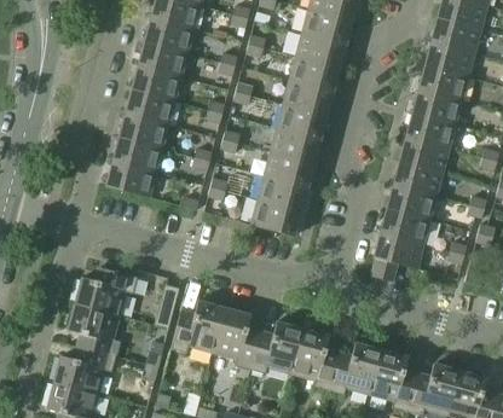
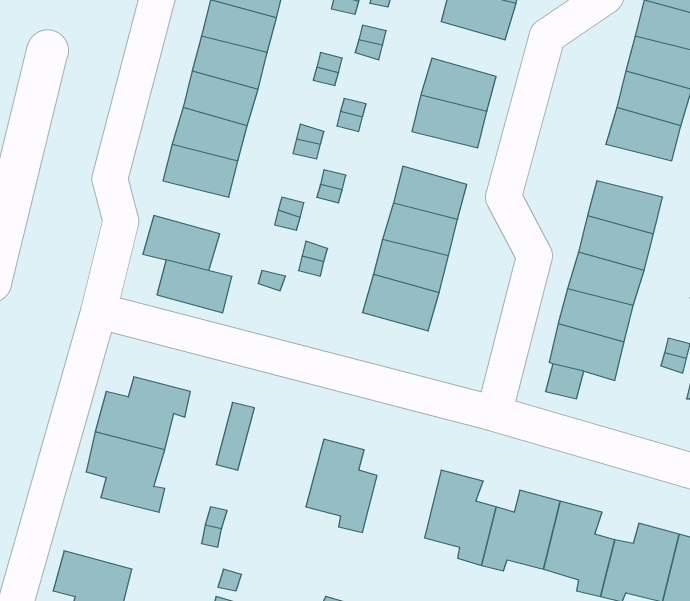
building: [296,33,345,69] -> none
building: [277,105,326,140] -> none
building: [405,114,455,149] -> none
building: [112,138,162,173] -> [157,260,232,313]
building: [170,301,225,353] -> none
building: [250,321,302,375] -> none
building: [53,347,116,394] -> none

